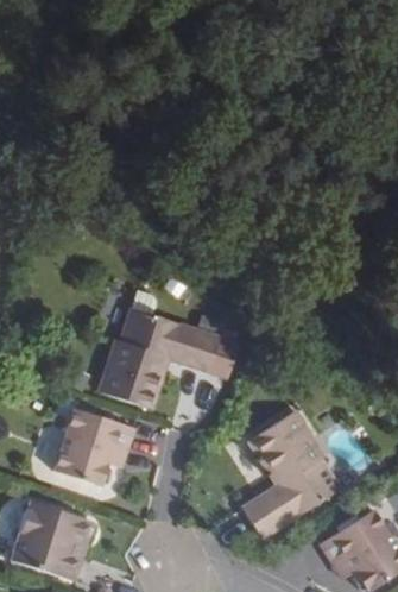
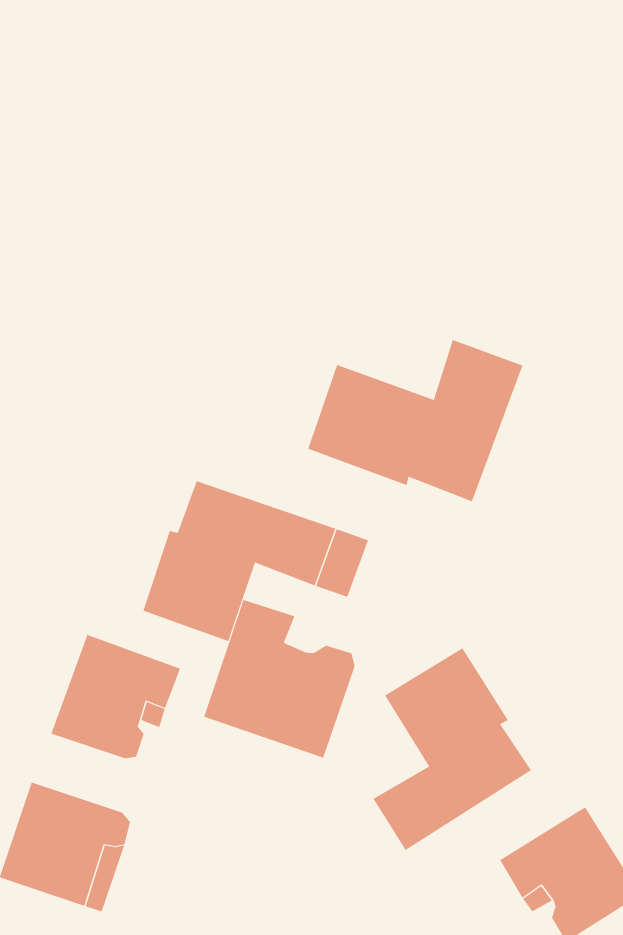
building: none -> [307,339,523,502]
building: none -> [203,599,355,758]

